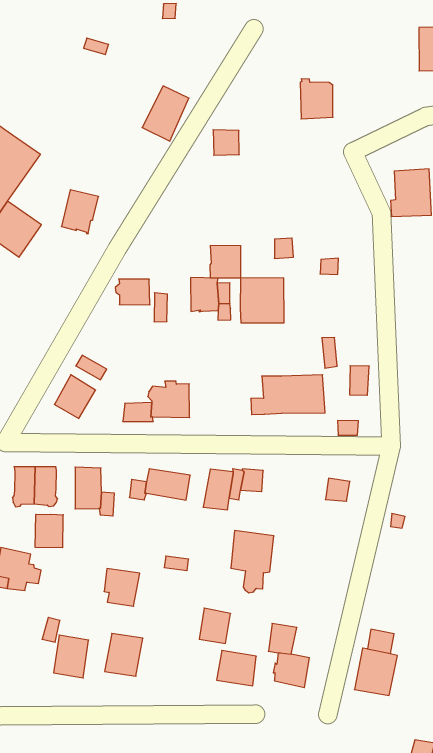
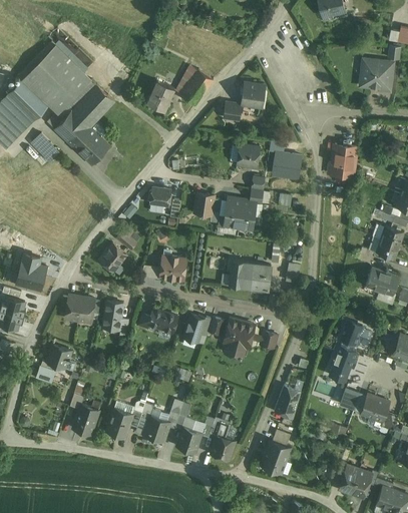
building: [300,79,333,119] -> [241,80,264,107]
building: [61,190,99,234] -> [146,81,172,110]
building: none -> [273,153,300,176]
building: [210,246,241,278] -> [237,144,259,167]
building: [35,514,63,548] -> none
building: [231,531,274,593] -> [224,318,254,358]
building: none -> [274,386,300,418]
building: [104,569,140,606] -> [145,415,169,441]

